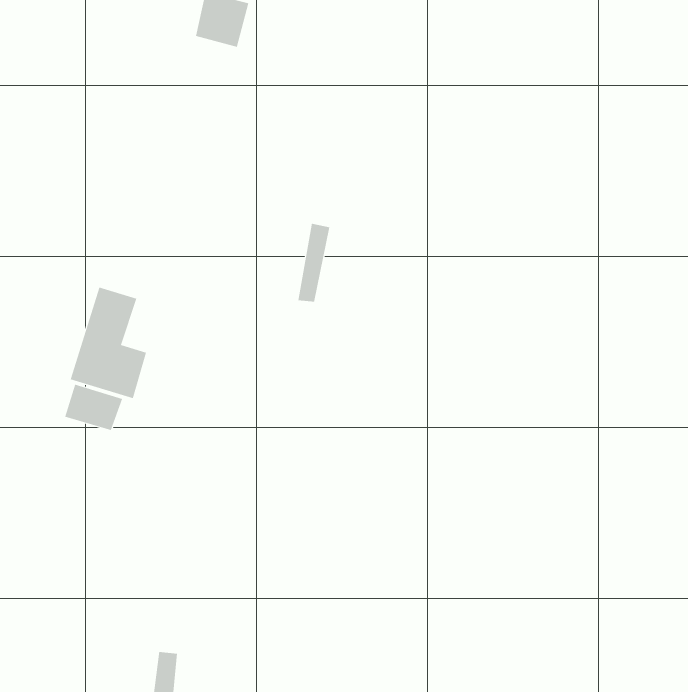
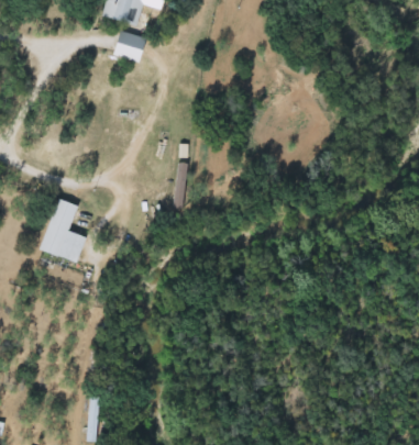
building: [65,384,123,431] -> none

